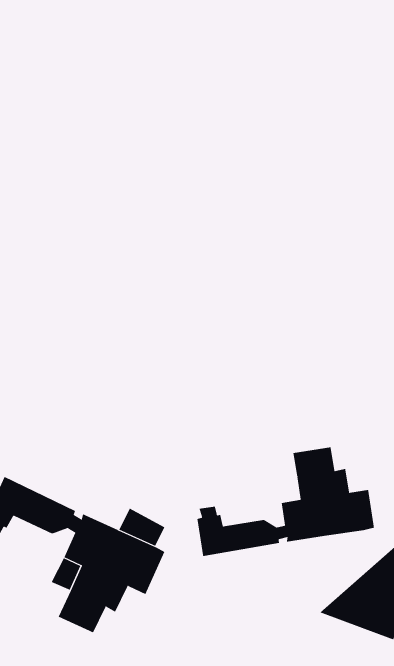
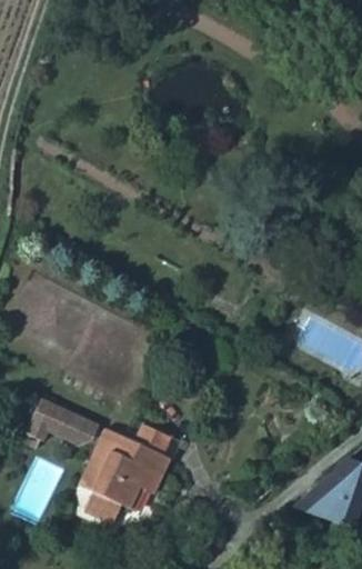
building: [197,446,374,557] -> none

